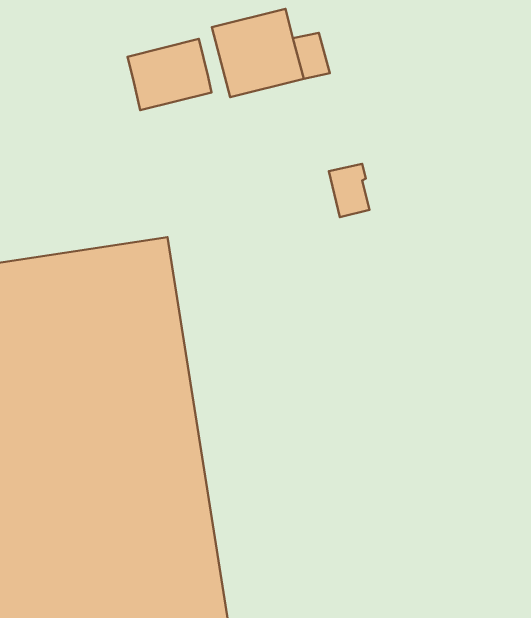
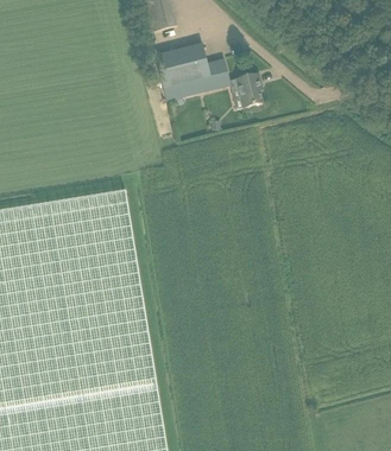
building: [128,39,211,110] -> none
building: [329,164,369,217] -> [235,74,261,108]

